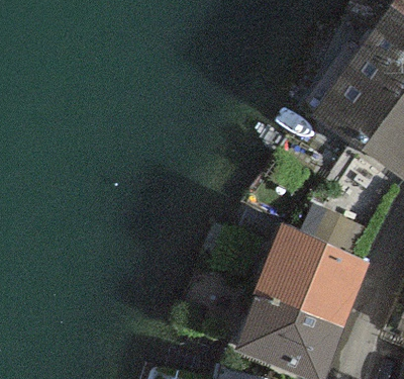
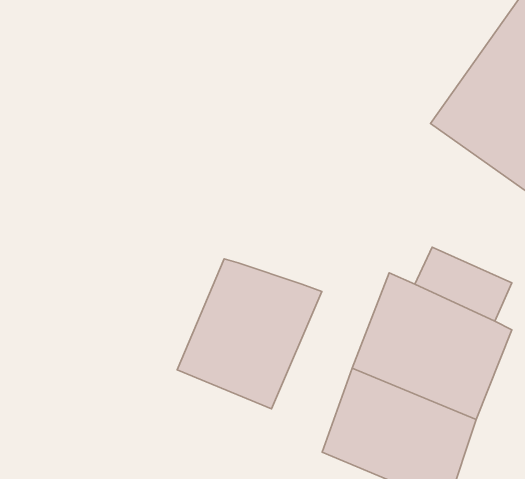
building: none -> [177,259,322,409]

